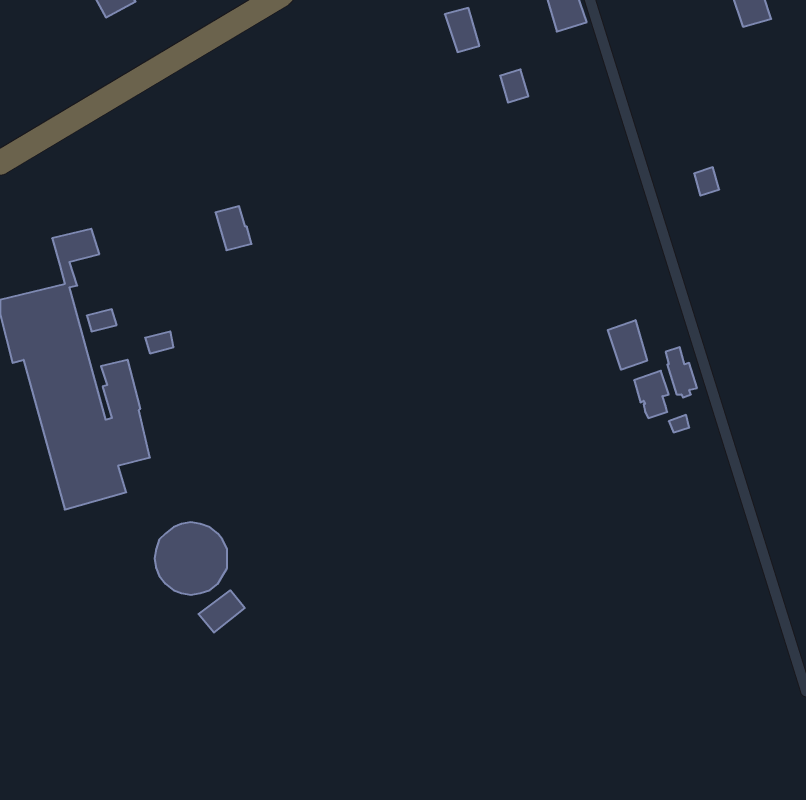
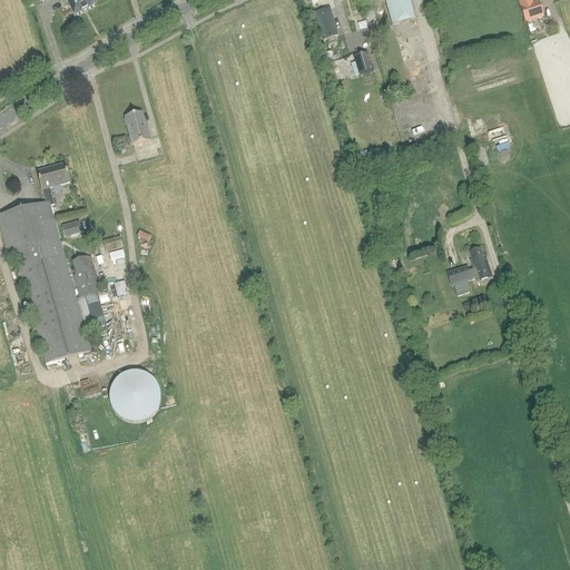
building: [215,206,252,250] -> [125,110,150,141]
building: [608,320,647,370] -> none
building: [198,590,245,633] -> none

